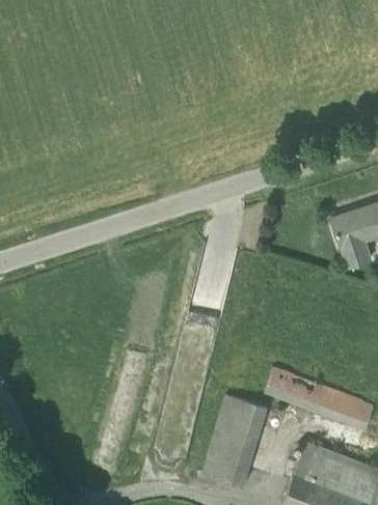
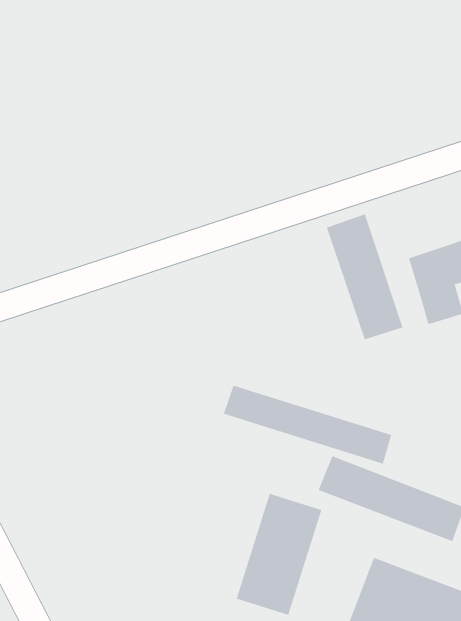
building: none -> [326,214,403,340]
building: none -> [223,385,392,465]

